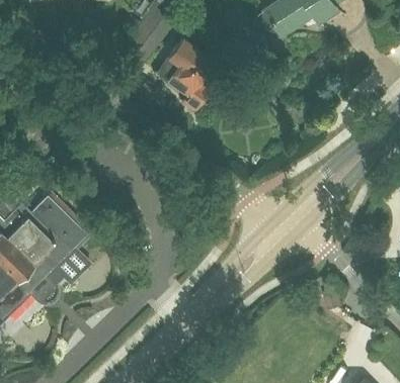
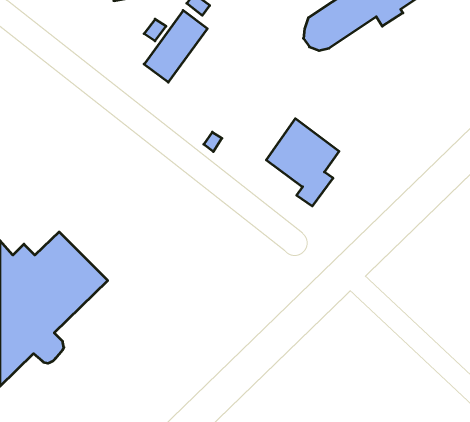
building: [156,39,217,112] -> [266,119,339,206]

